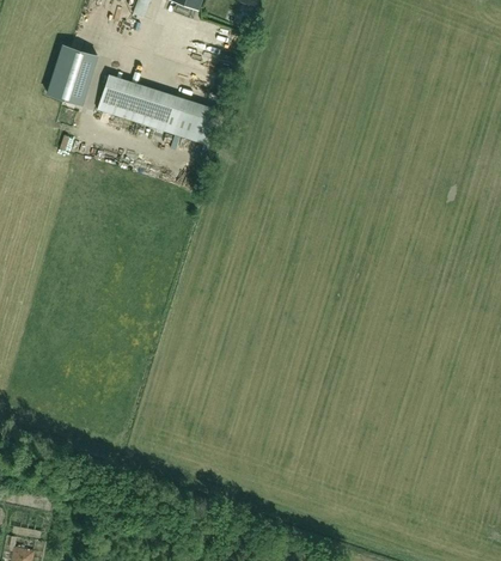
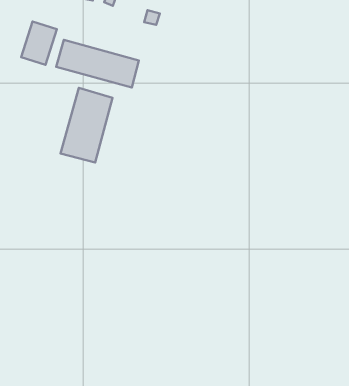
building: none -> [61,88,113,163]

